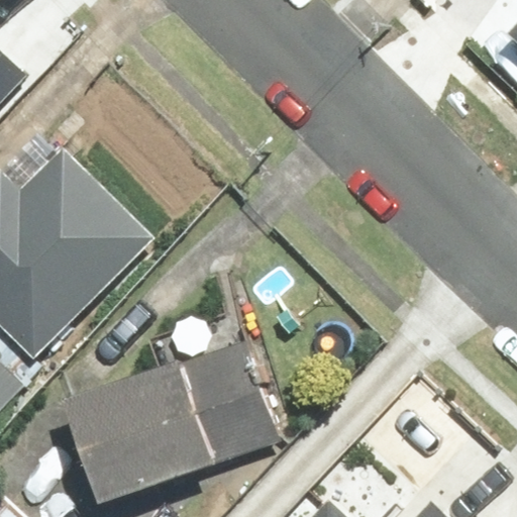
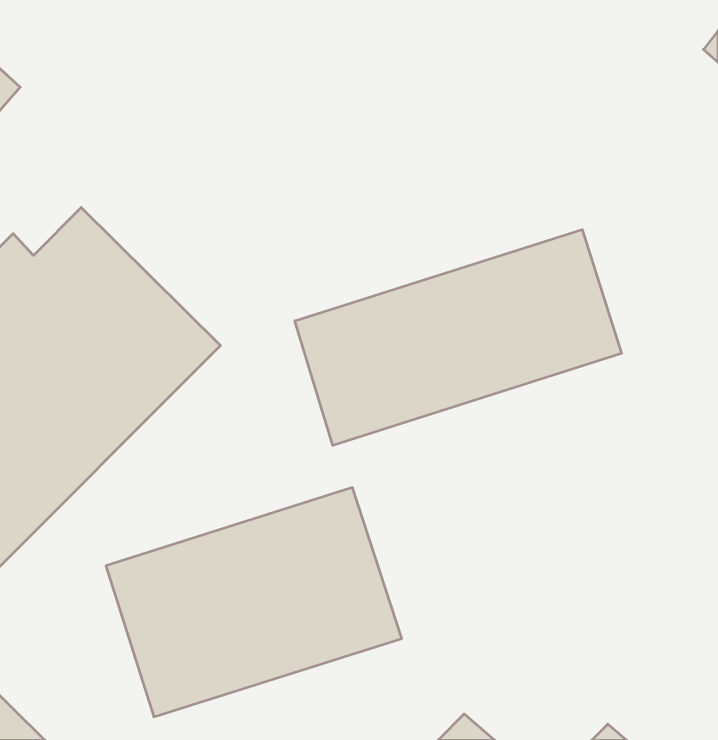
building: none -> [295,230,622,445]

